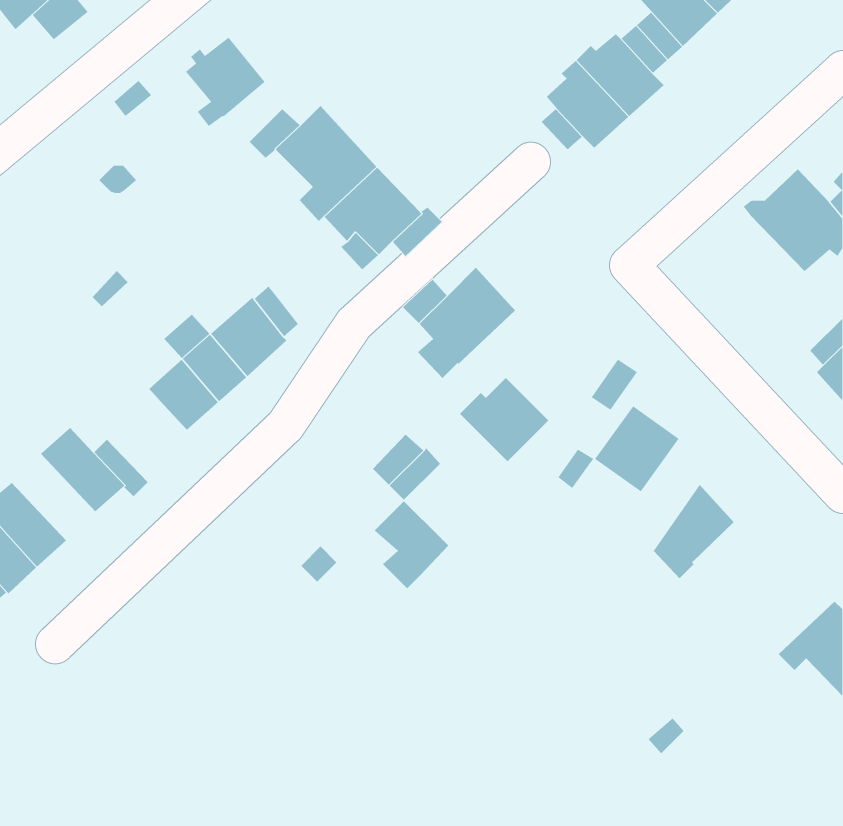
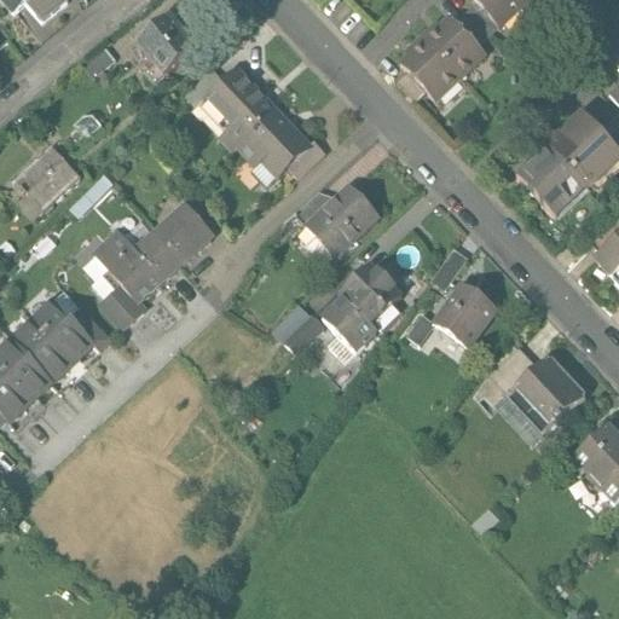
building: none -> [11,156,76,220]
building: none -> [511,156,583,226]
building: none -> [92,243,132,282]
building: none -> [97,294,141,339]
building: none -> [8,329,69,392]
building: [374,501,449,589] -> [318,307,372,371]
building: none -> [502,368,580,446]

